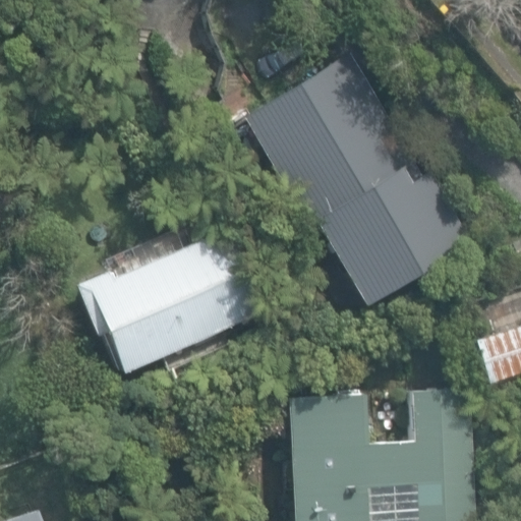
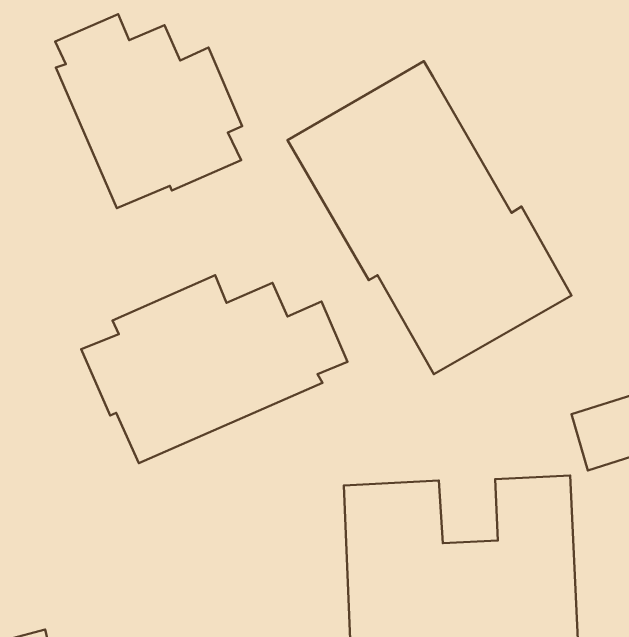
building: none -> [55,14,242,208]

